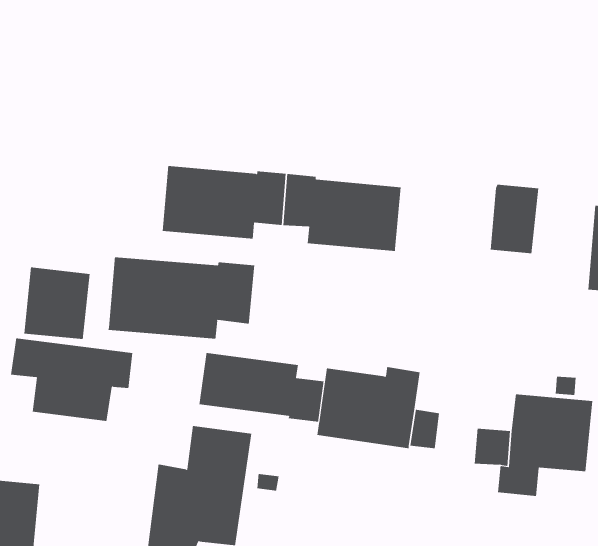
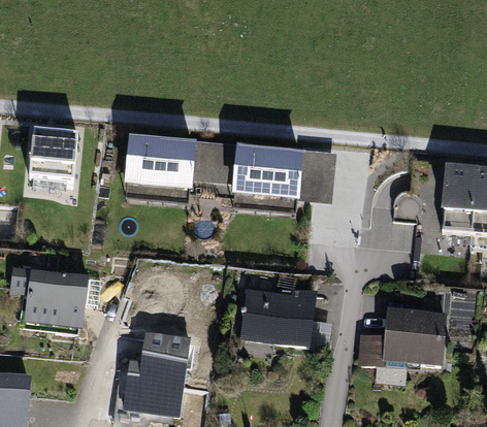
building: [490,184,539,254] -> [299,149,336,201]
building: [108,257,255,340] -> none
building: [23,267,90,339] -> [28,128,78,183]
building: [199,352,324,423] -> none

